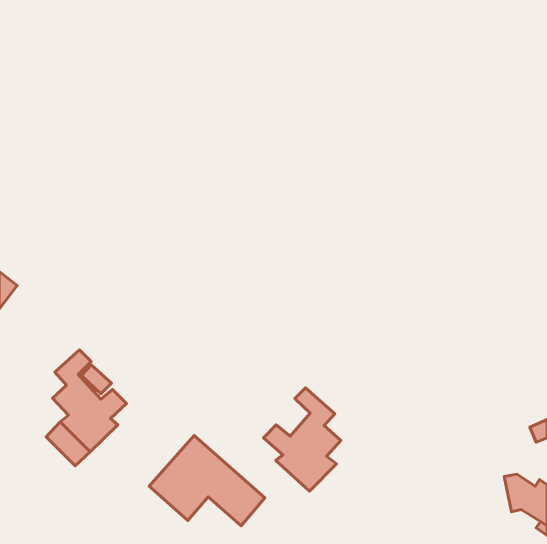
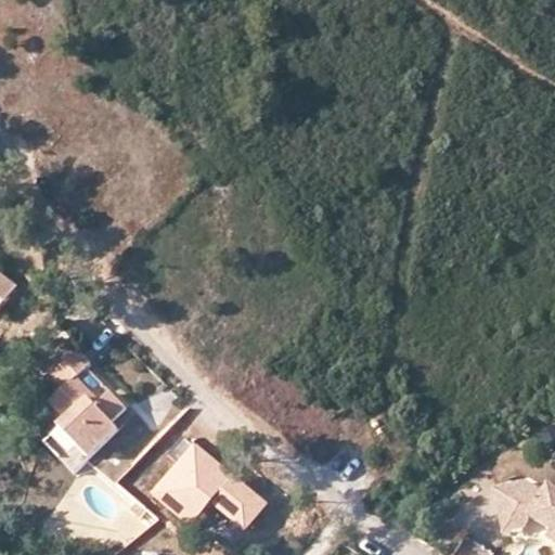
building: [264,388,341,491] -> none
building: none -> [491,481,527,529]

